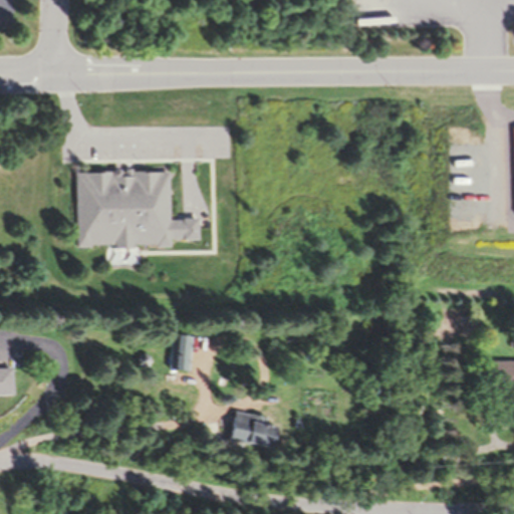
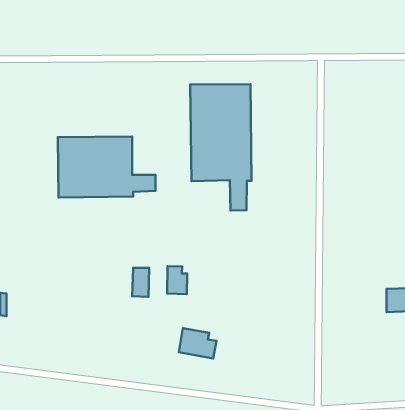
building: none -> [190,84,252,210]
building: none -> [167,266,187,294]

